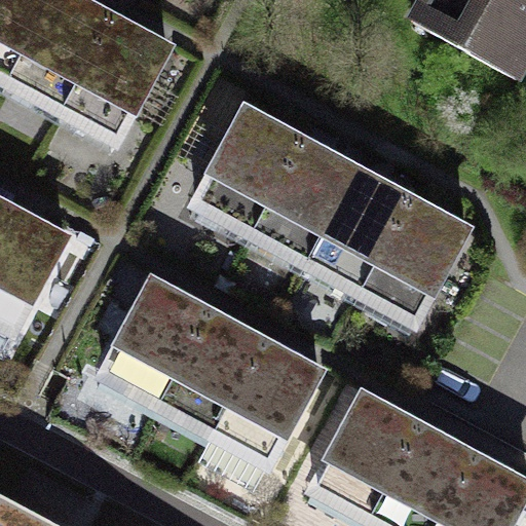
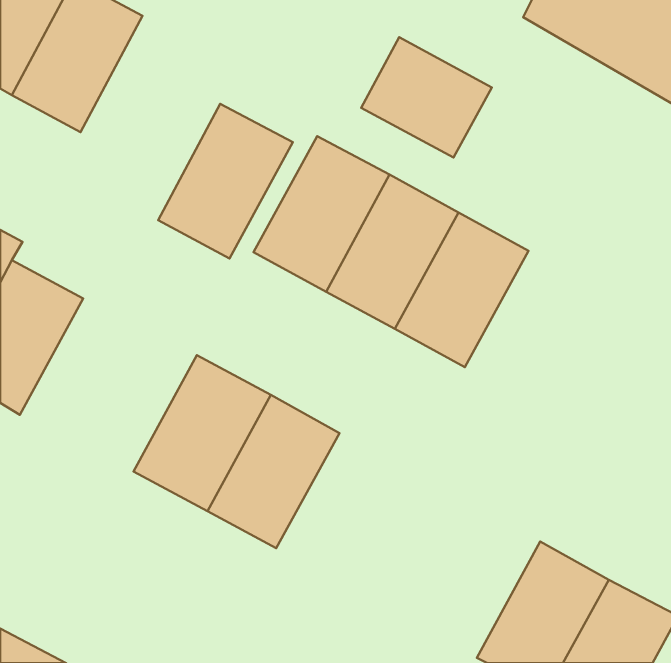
building: [66,12,171,133] -> [158,104,293,258]
building: none -> [361,37,492,157]
building: [365,195,468,315] -> none
building: [218,337,322,456] -> none
building: [317,390,423,512] -> none

